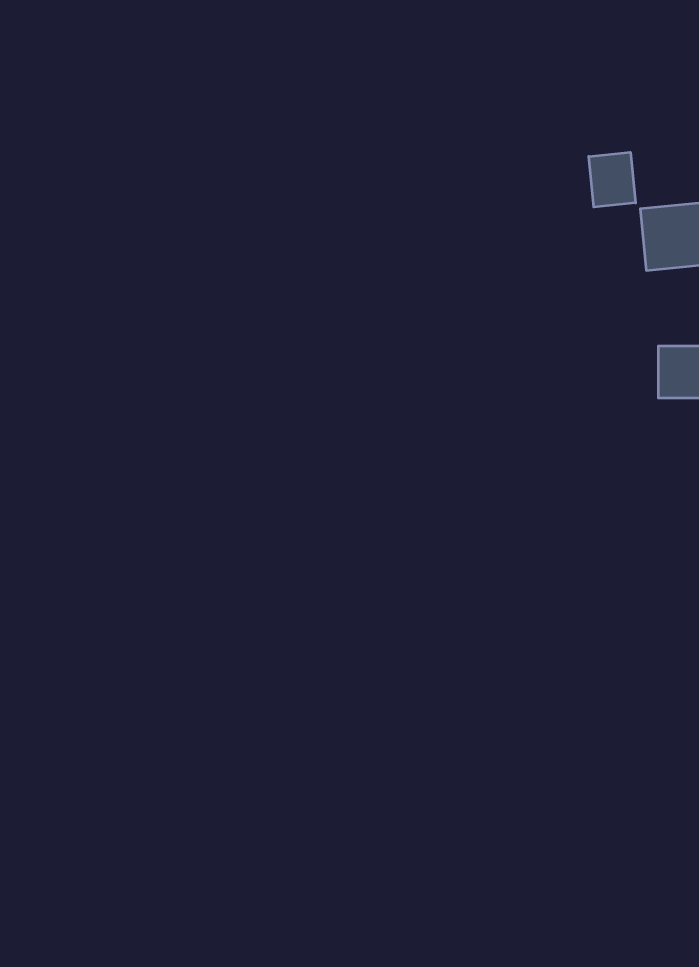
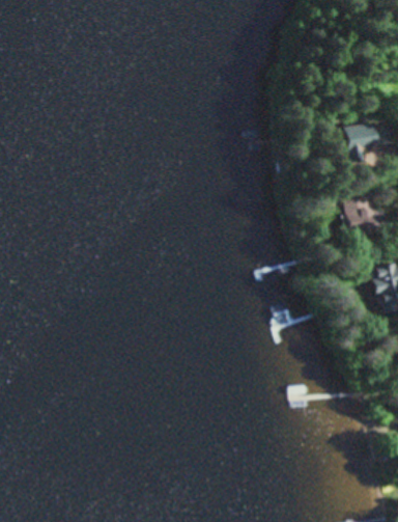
building: [589,152,636,207] -> none

